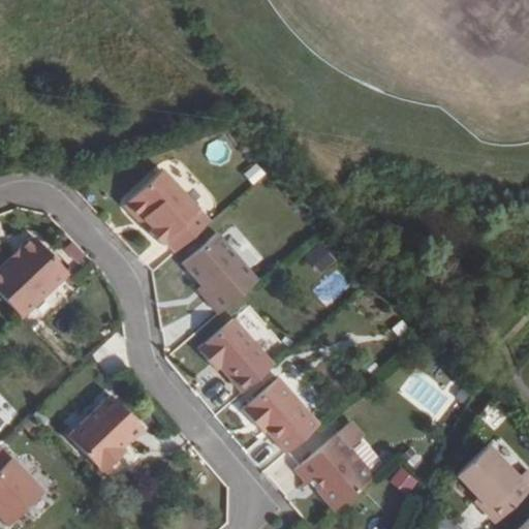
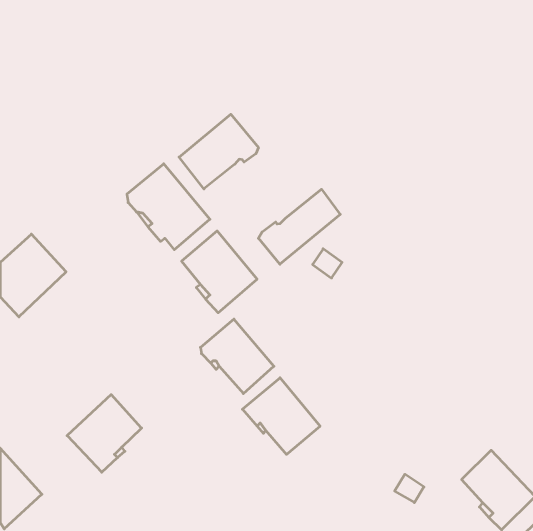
building: none -> [179,114,258,189]
building: none -> [258,189,340,264]
building: [294,431,373,511] -> none

